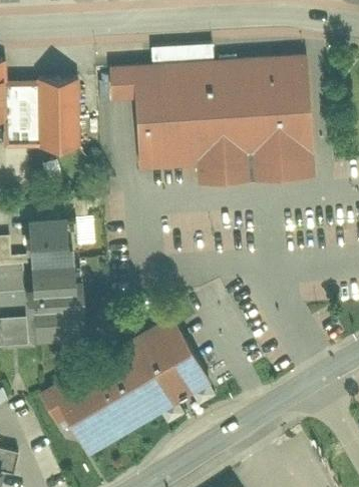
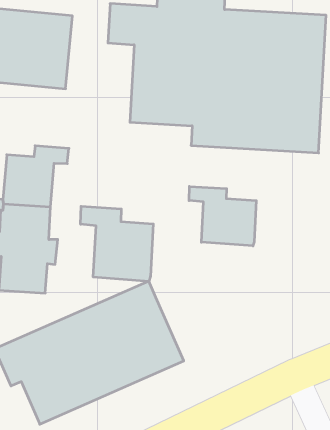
building: none -> [189,186,256,246]
building: none -> [81,206,153,281]

